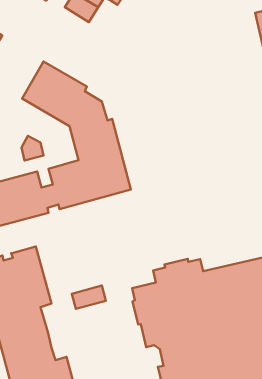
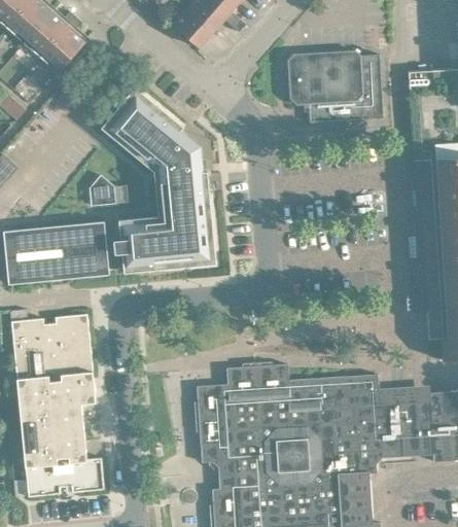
building: none -> [288,50,384,122]
building: [72,286,106,309] -> none

